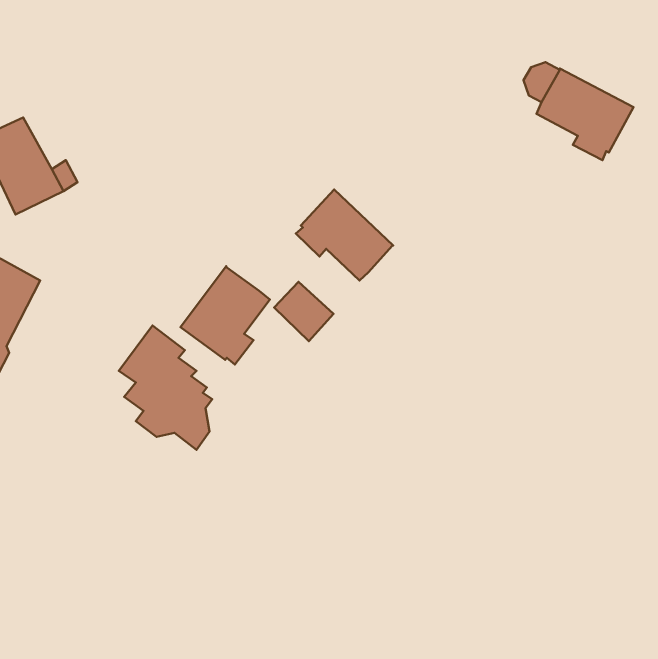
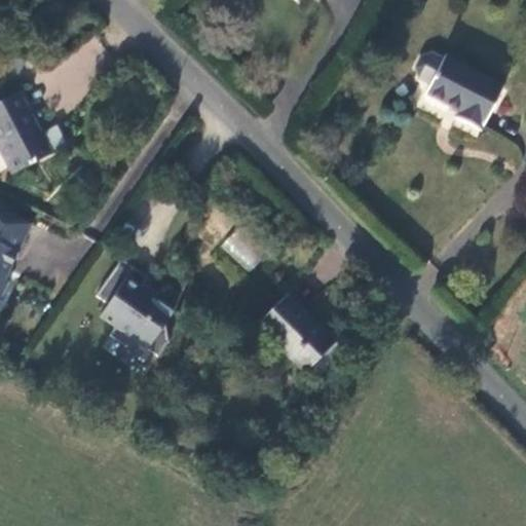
building: [296,189,393,280] -> none
building: [181,266,270,365] -> none
building: none -> [258,296,332,372]

